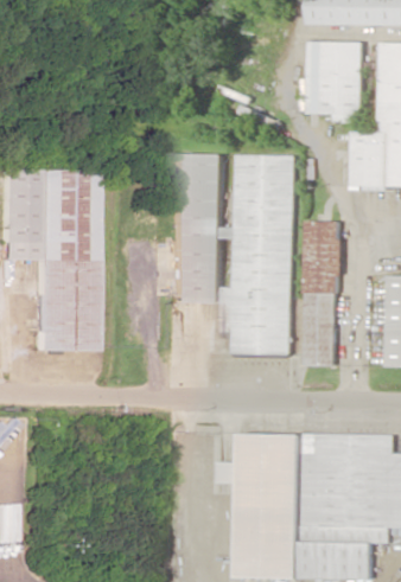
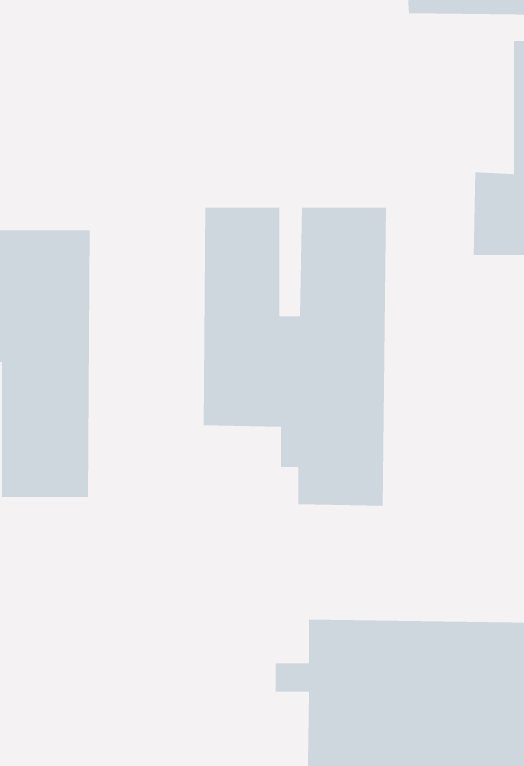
building: [308,40,363,114] -> none
building: [306,220,339,365] -> none

